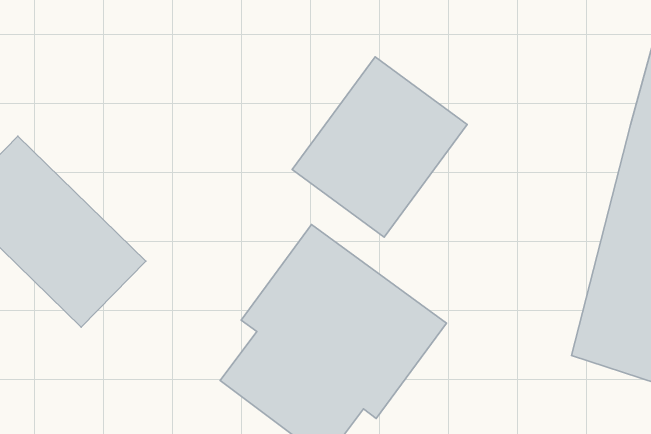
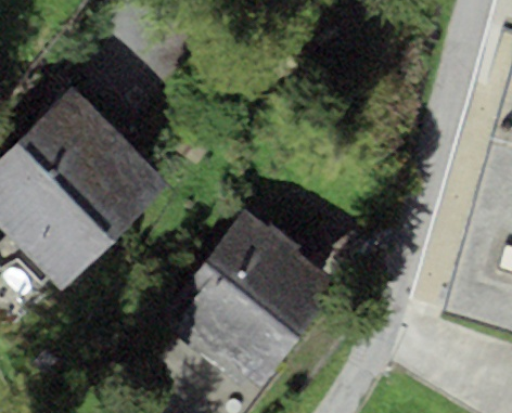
building: [292,57,467,237] -> none
building: none -> [16,87,170,240]

